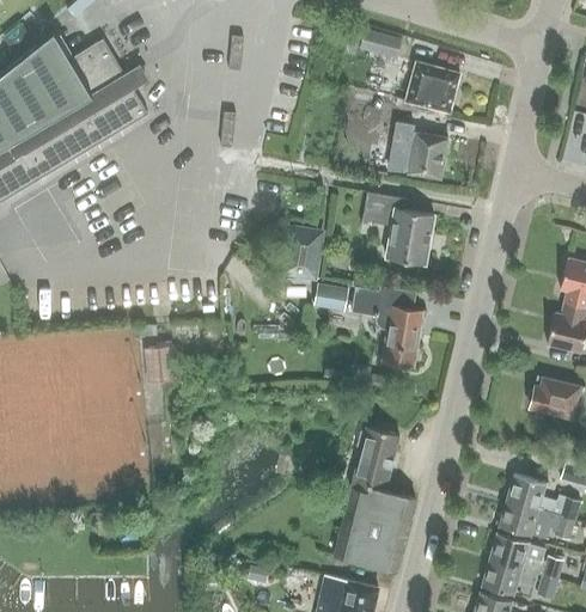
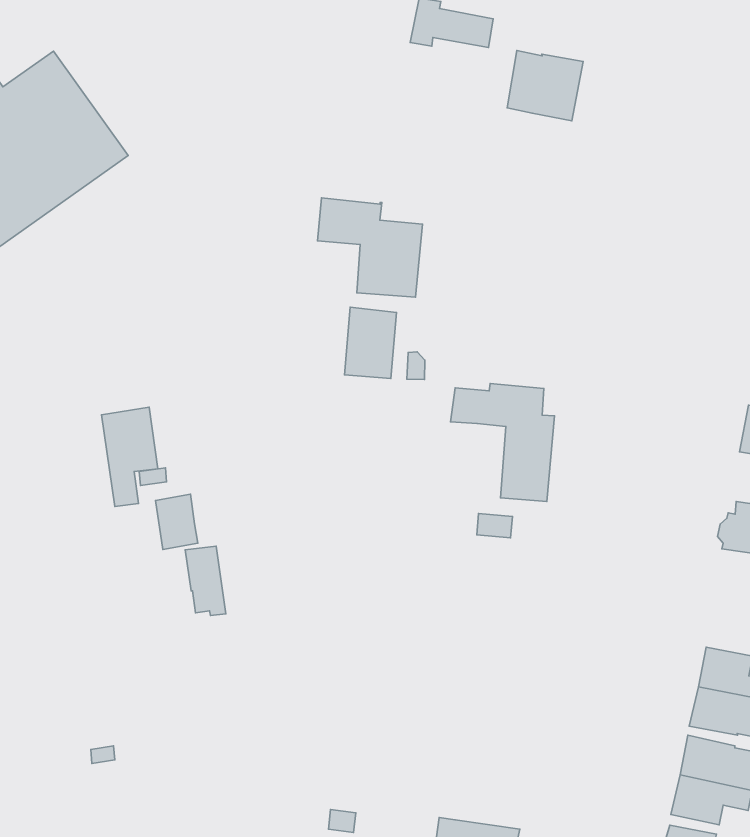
building: [390,123,447,179] -> none
building: [361,192,433,264] -> [318,198,423,297]
building: [312,283,348,312] -> none
building: none -> [102,407,158,506]
building: none -> [185,546,226,616]
building: [332,427,414,571] -> none

